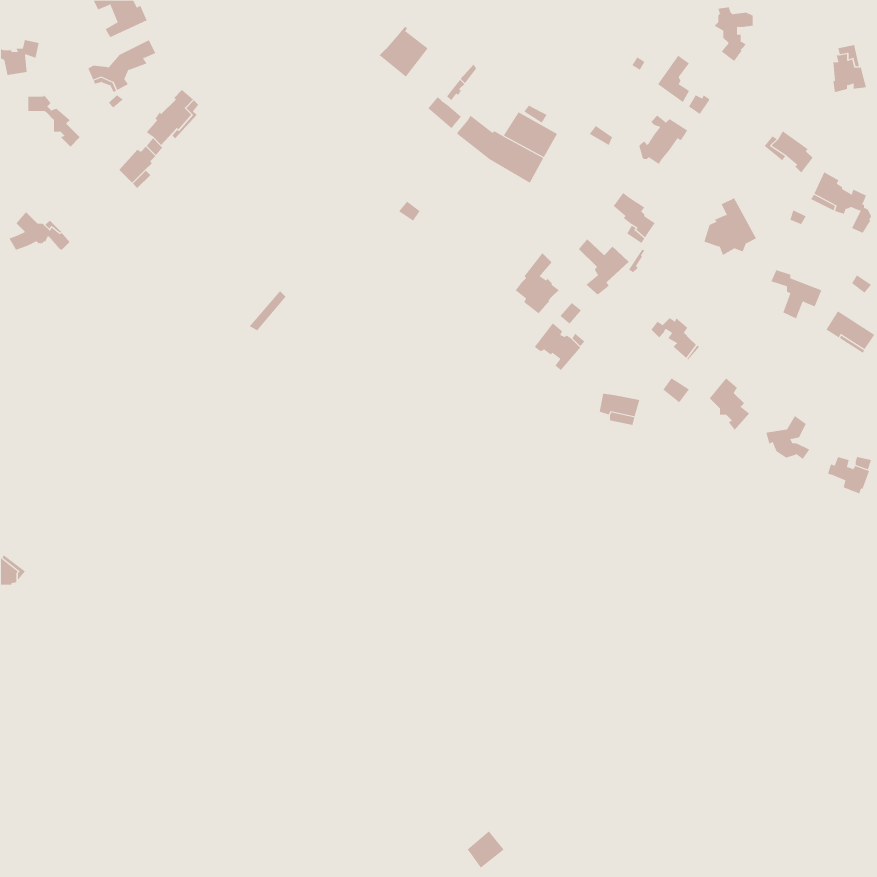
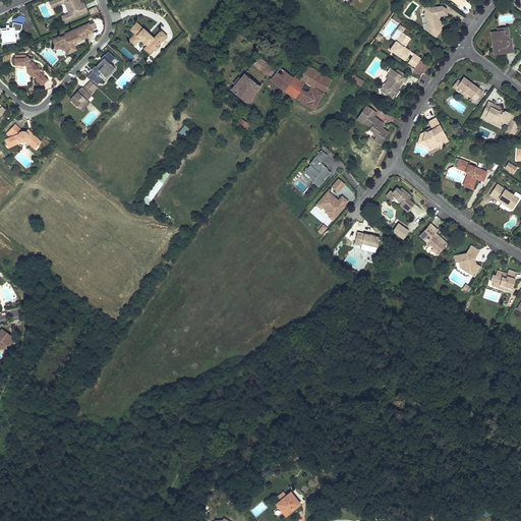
building: [379,26,428,78] -> [231,73,260,104]
building: none -> [129,22,167,55]
building: [578,238,630,295] -> none

